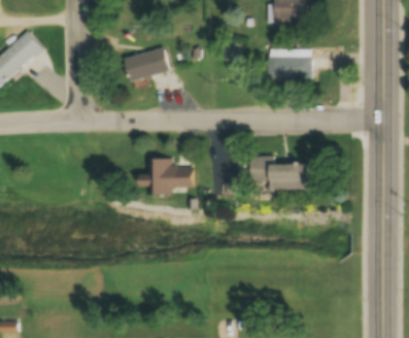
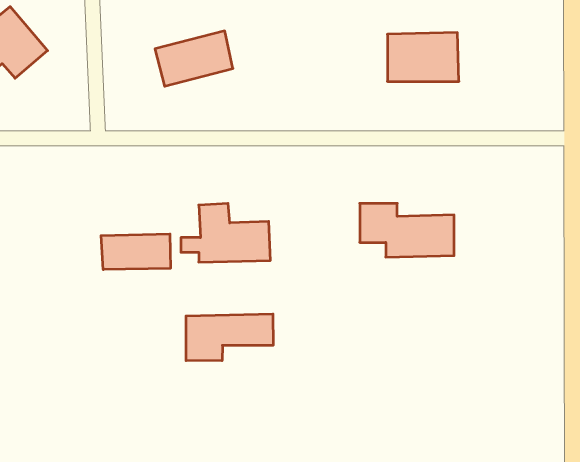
building: none -> [101,234,170,270]
building: none -> [186,314,273,361]

